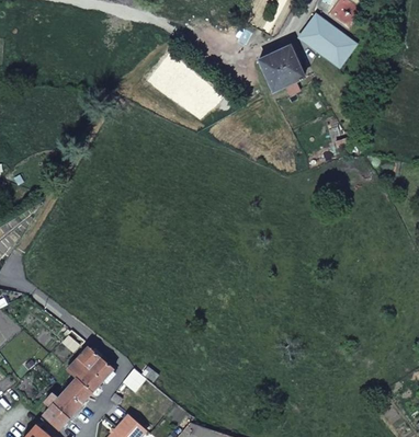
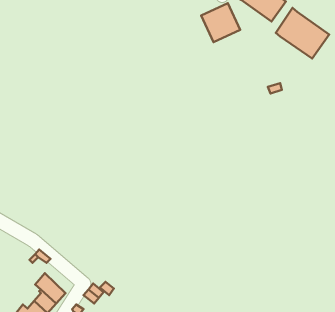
building: none -> [276,8,329,59]
building: [78,346,113,380] -> none

